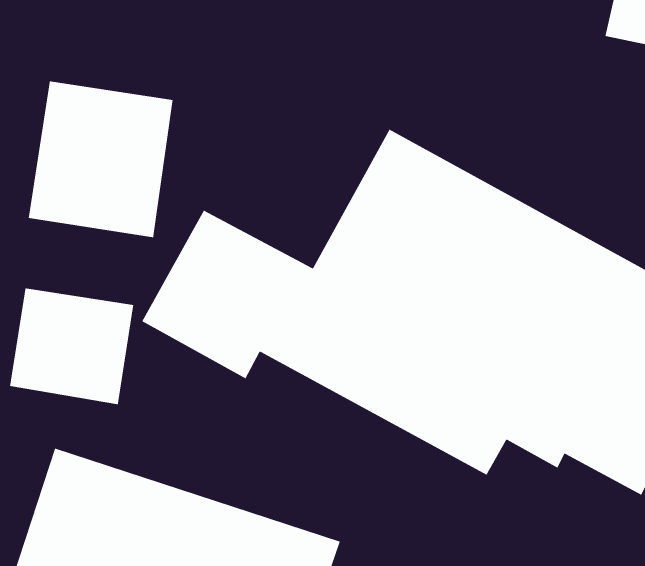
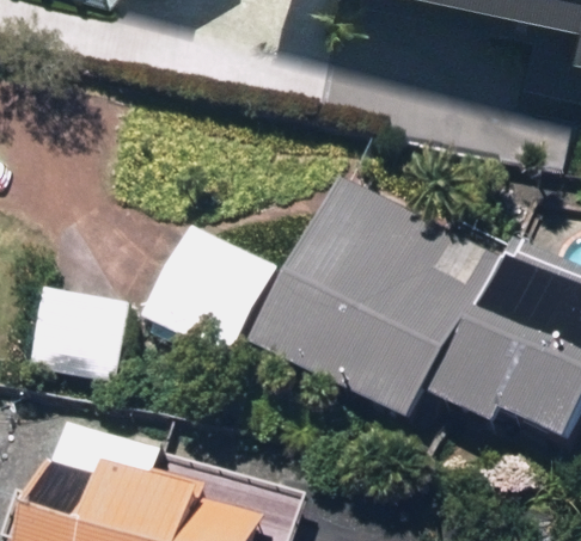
building: [28,80,174,238] -> none

